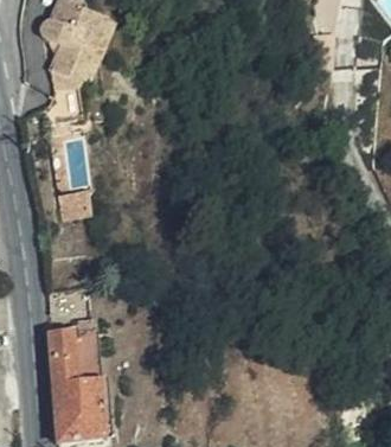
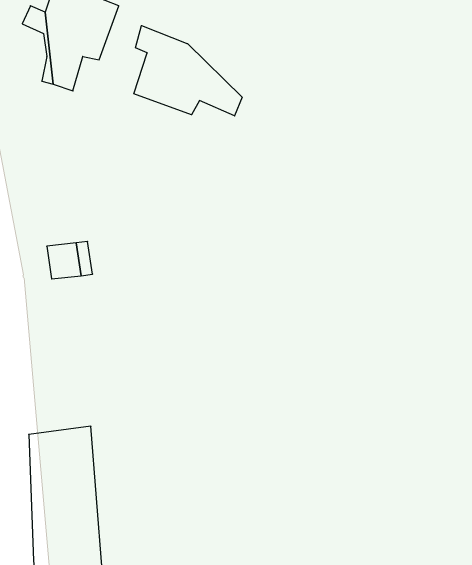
building: none -> [134,26,242,116]

